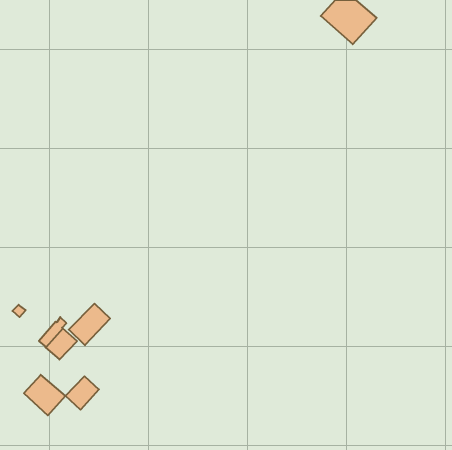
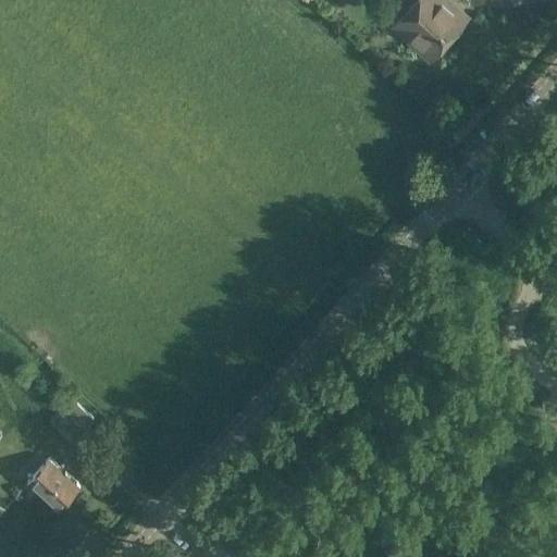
building: [69,304,110,345] -> none
building: [66,376,99,410] -> none

